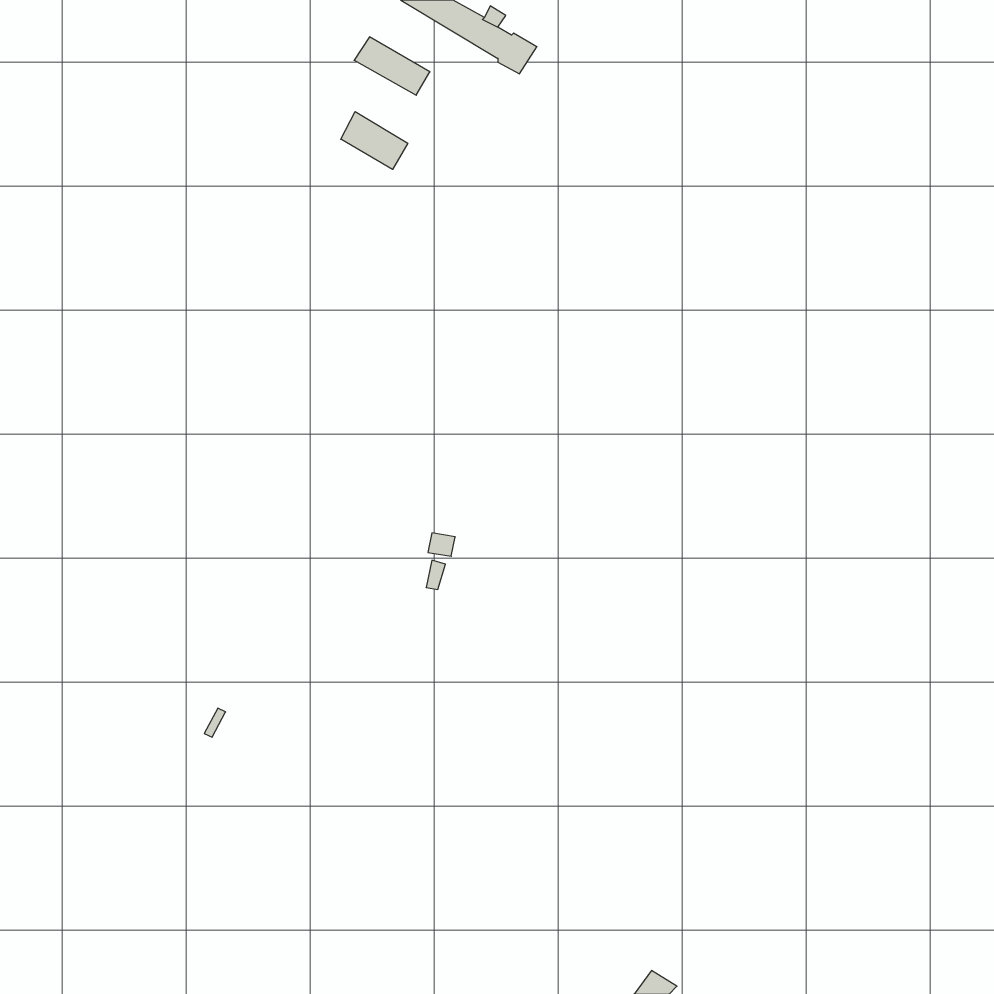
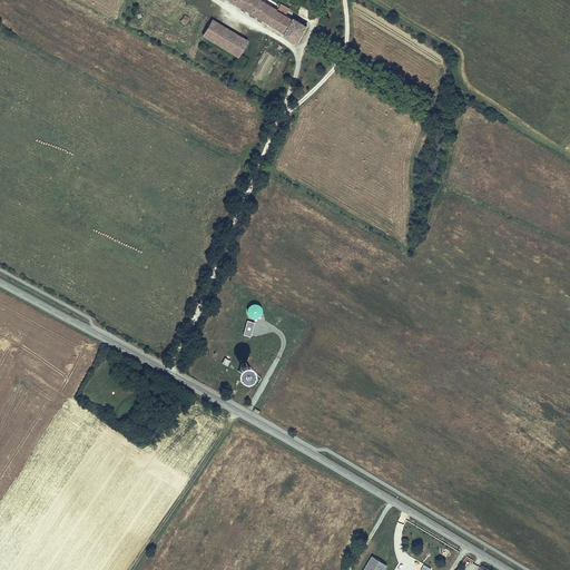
building: [341,112,408,169] -> none

